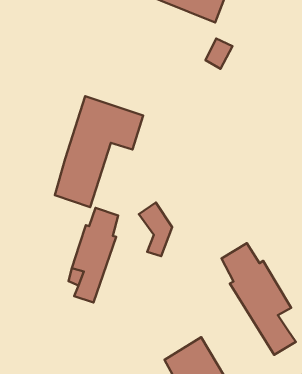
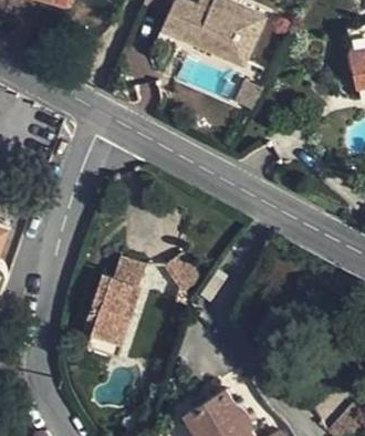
building: [55,96,143,207] -> none
building: [222,243,296,355] -> none

